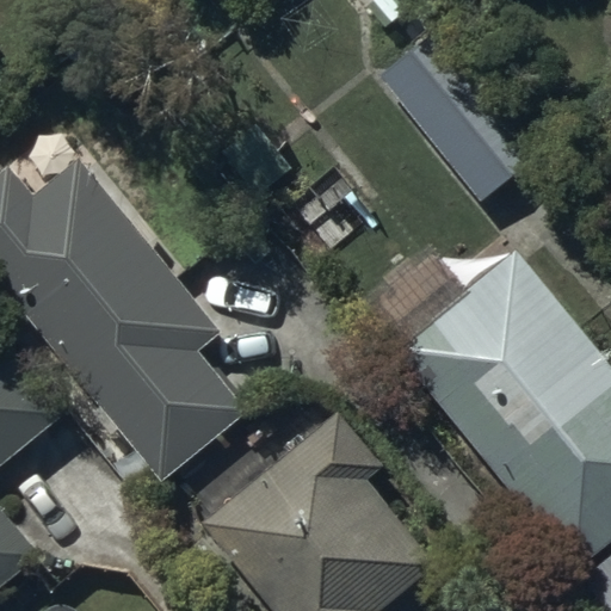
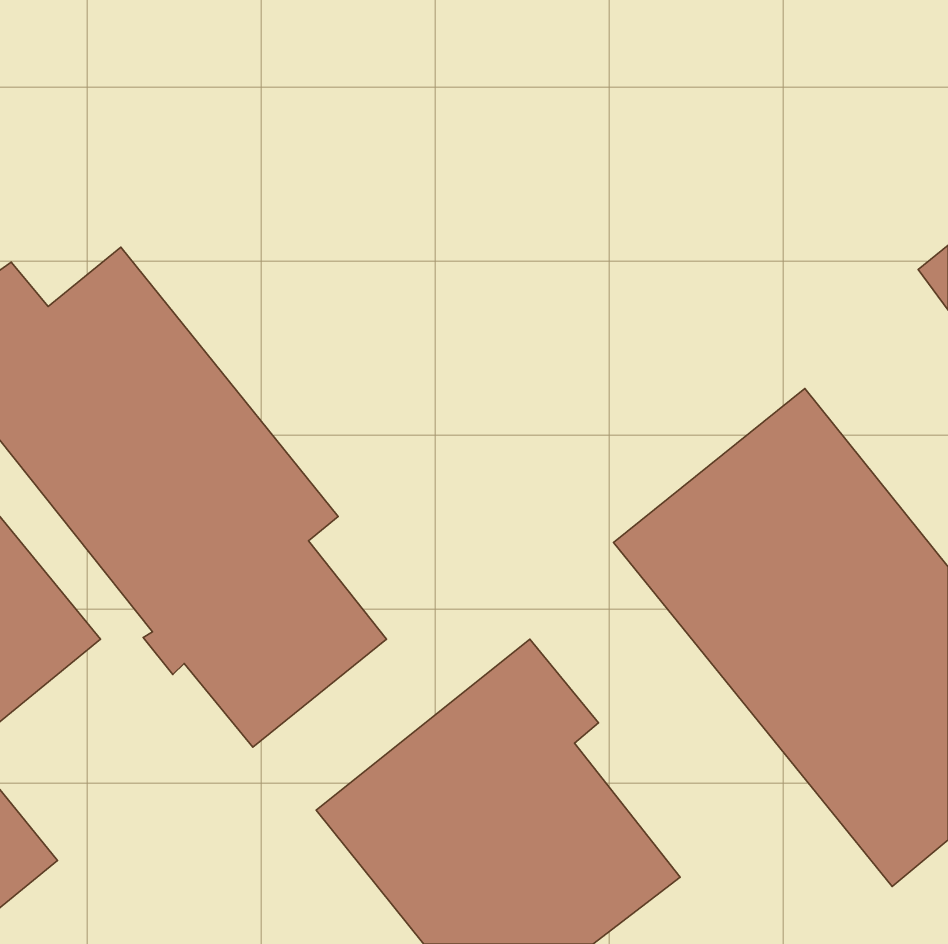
building: [378,33,536,202] -> none

